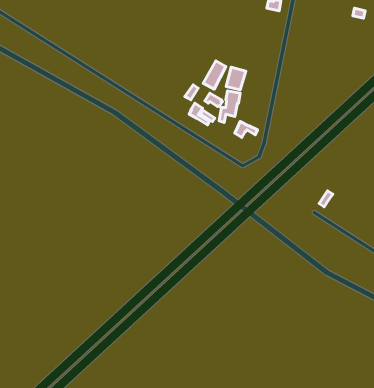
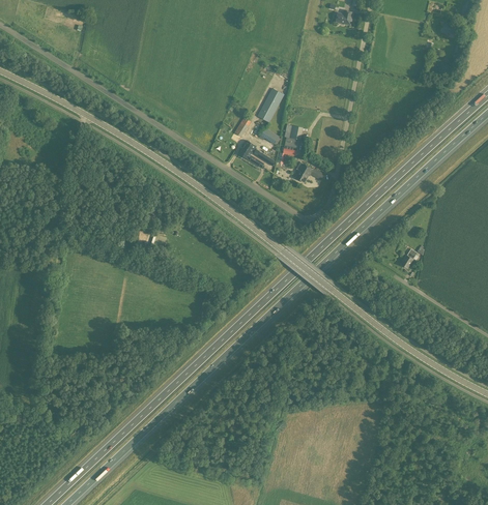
building: [226,67,246,90] -> none

